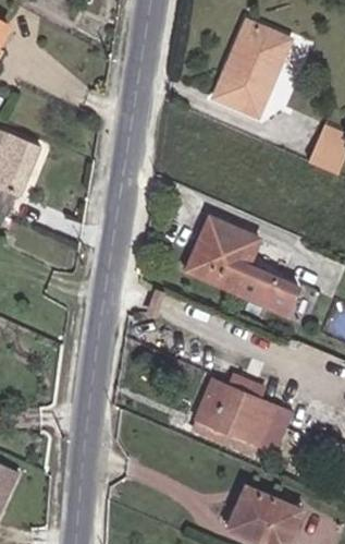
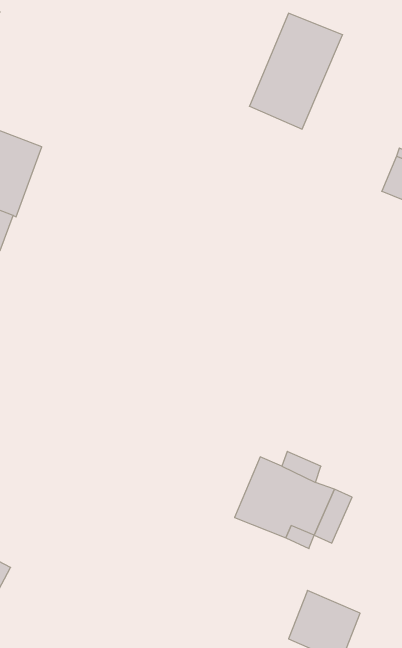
building: [190,218,303,315] -> none

